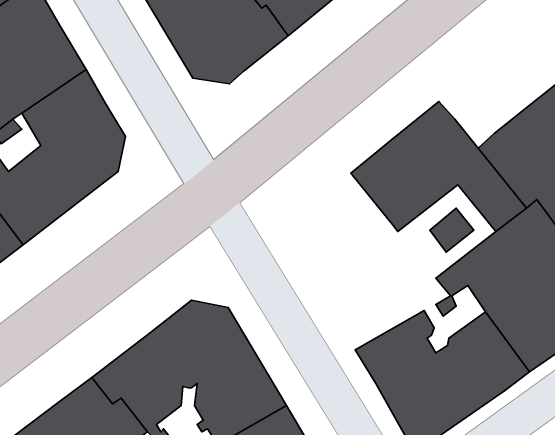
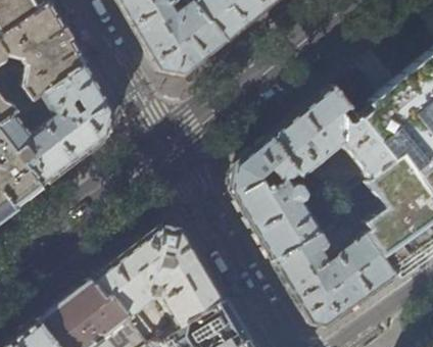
building: none -> [232,137,322,260]

